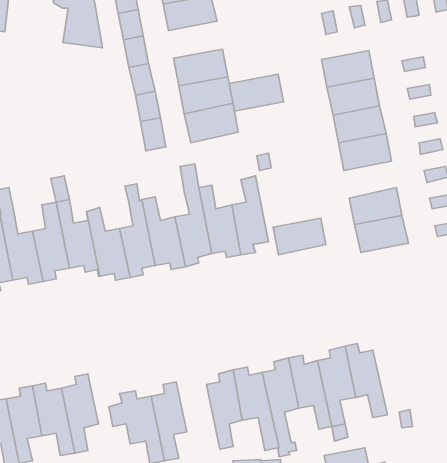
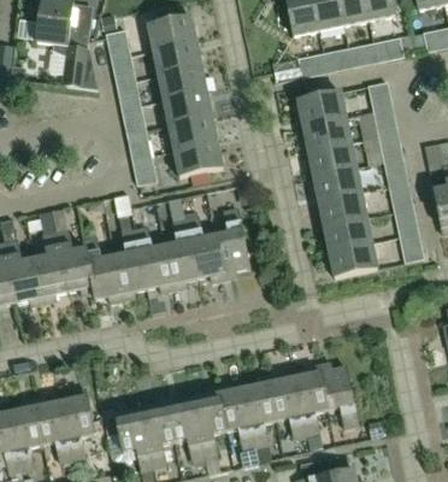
building: [229,74,283,111] -> [158,65,207,99]
building: [273,218,326,255] -> [318,193,366,227]
building: none -> [165,392,205,459]

